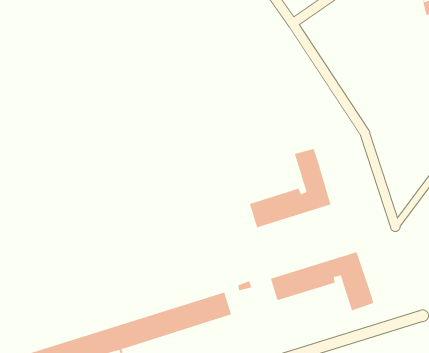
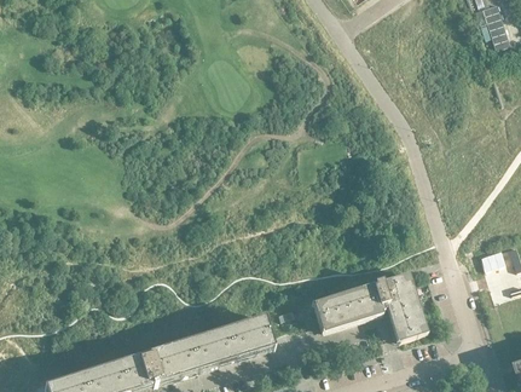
building: [249,148,331,228] -> none

